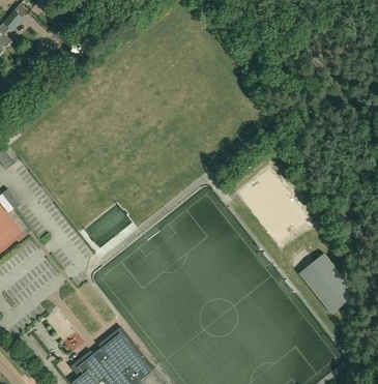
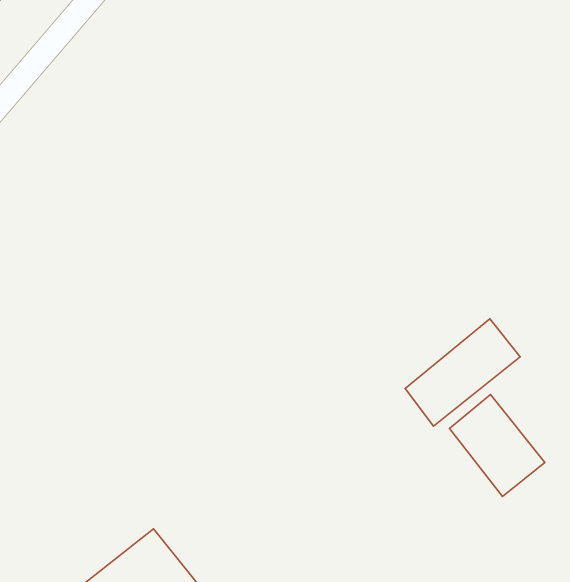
building: none -> [405,319,520,426]

